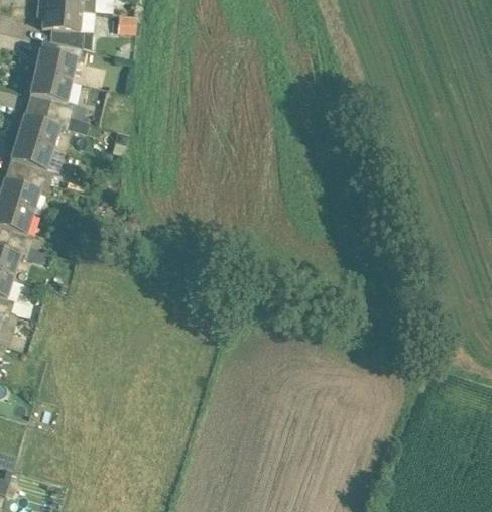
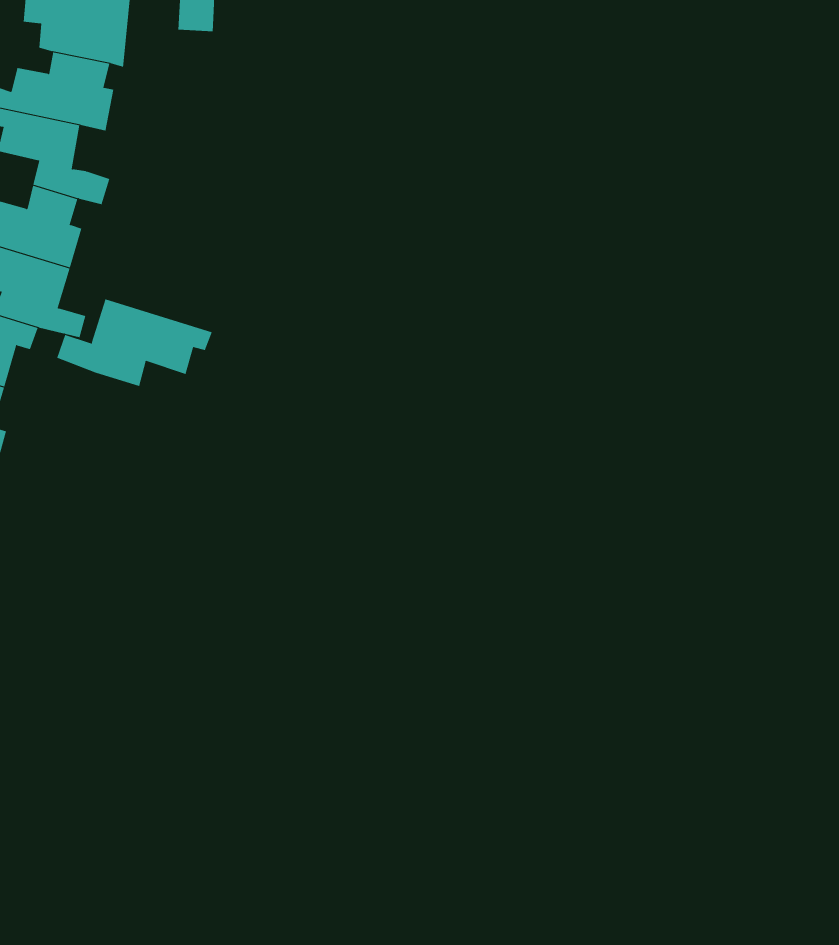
building: none -> [57,299,213,387]

